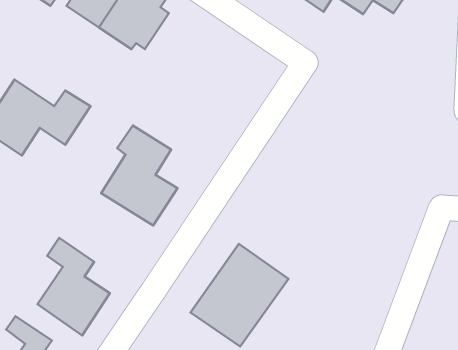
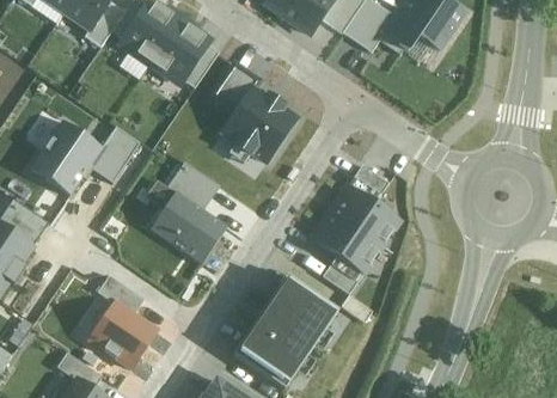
building: none -> [209,61,299,164]
building: none -> [307,164,402,293]

